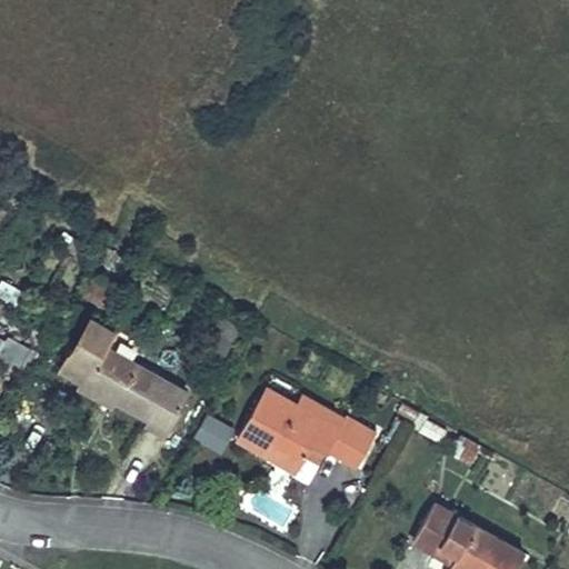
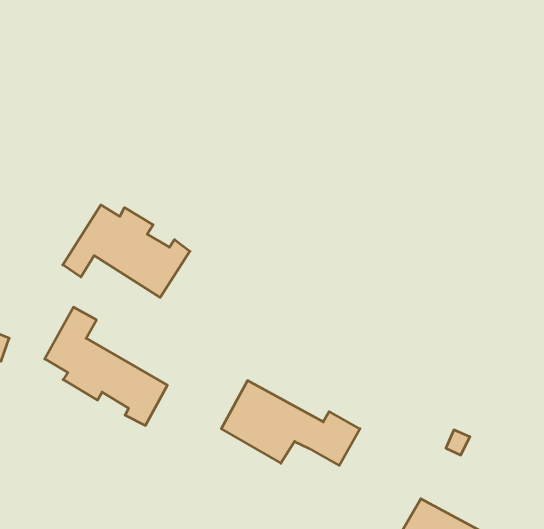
building: none -> [63,205,190,297]
building: [193,412,236,452] -> none

